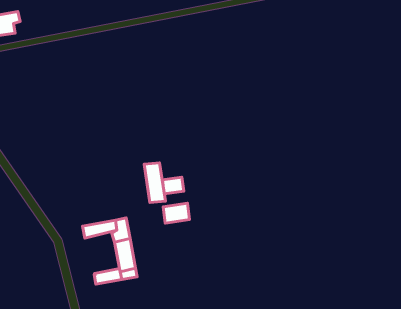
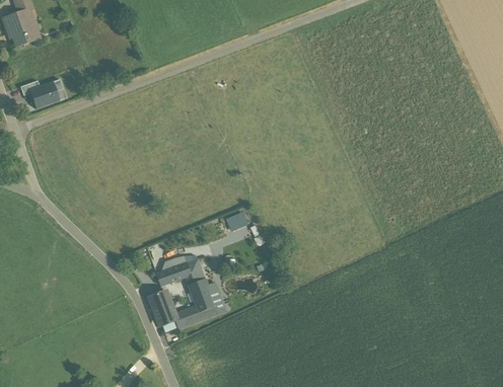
building: [144,163,165,202] -> none
building: [163,203,189,223] -> none
building: none -> [150,290,176,324]

